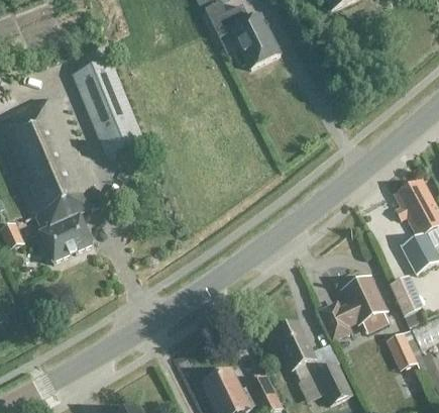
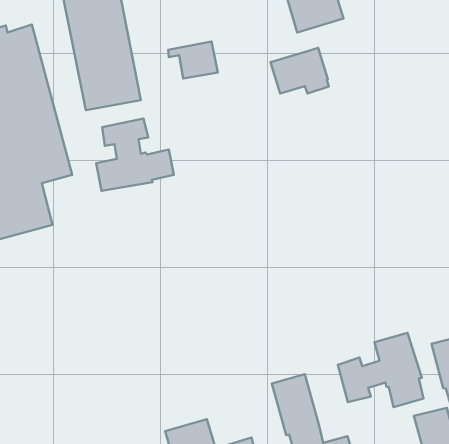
building: none -> [271,48,329,94]
building: none -> [168,42,218,78]
building: none -> [96,119,174,191]

